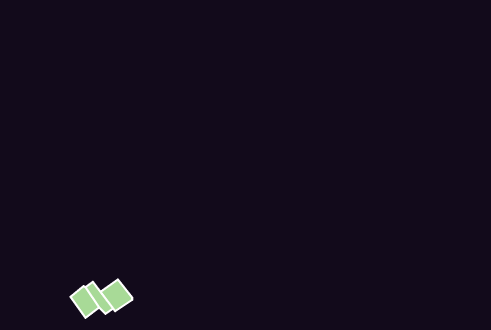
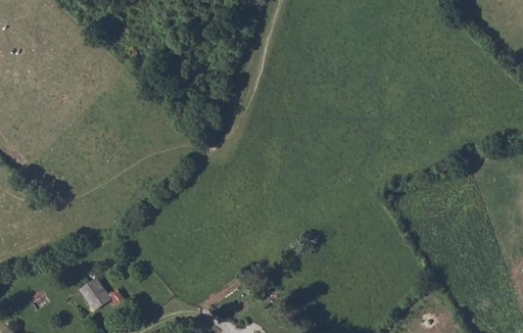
building: [100,280,132,311] -> none

